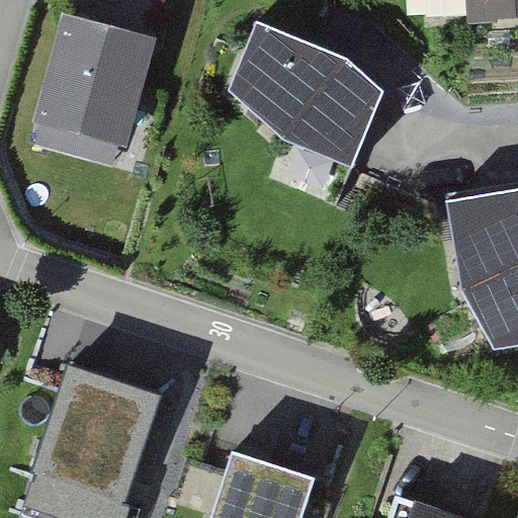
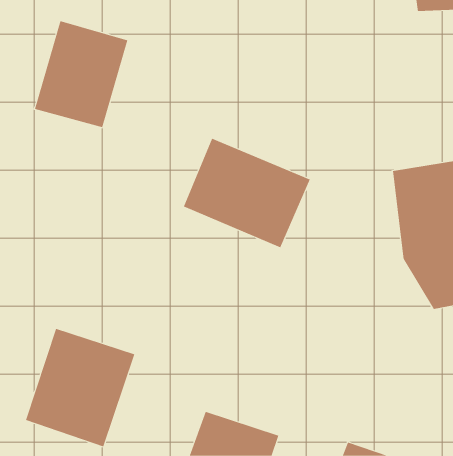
building: [228,20,381,170] -> none
building: none -> [183,138,311,248]

